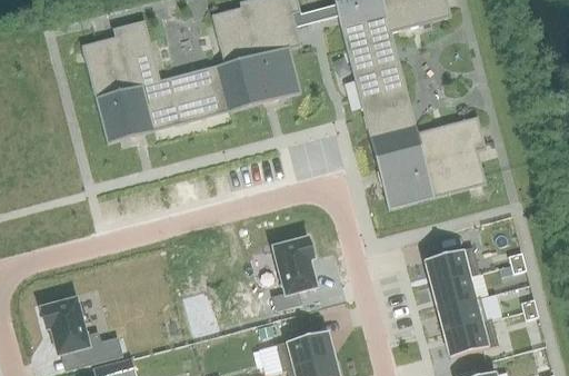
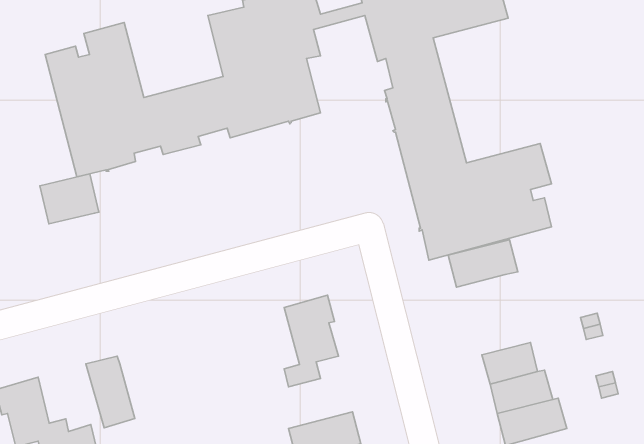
building: none -> [40,174,99,224]
building: [423,247,479,285] -> [448,240,518,287]
building: none -> [86,356,135,428]

